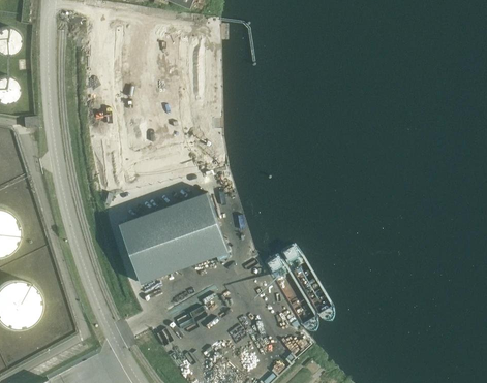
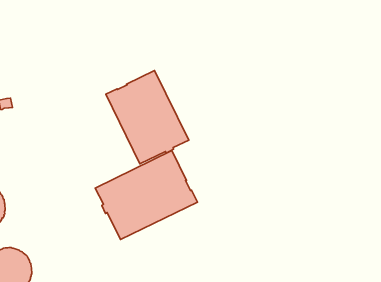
building: none -> [106,70,189,164]

